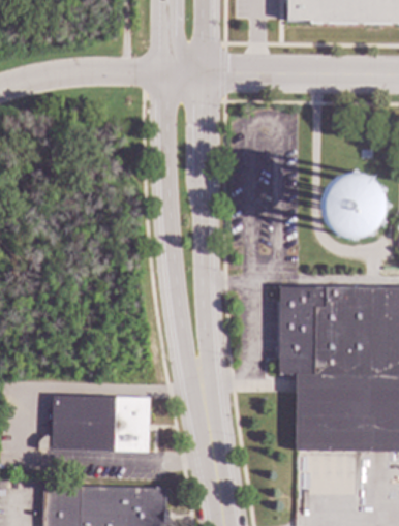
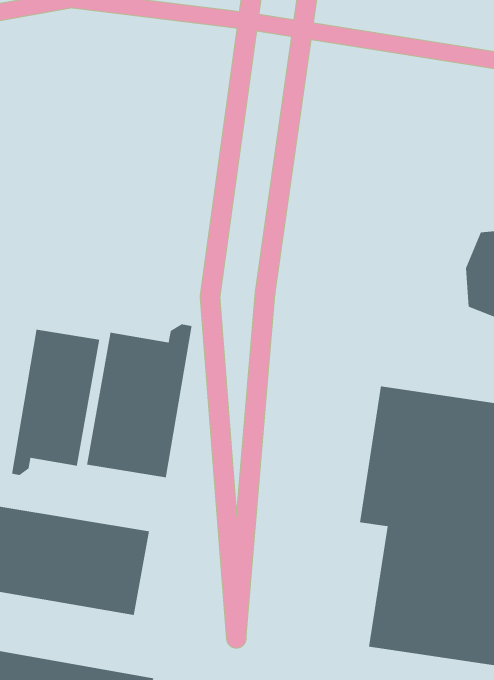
building: none -> [86,324,192,478]
building: none -> [11,329,100,476]

